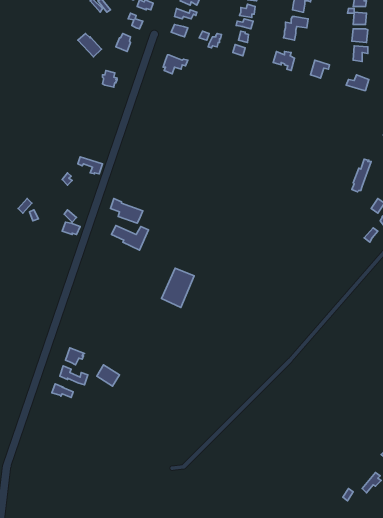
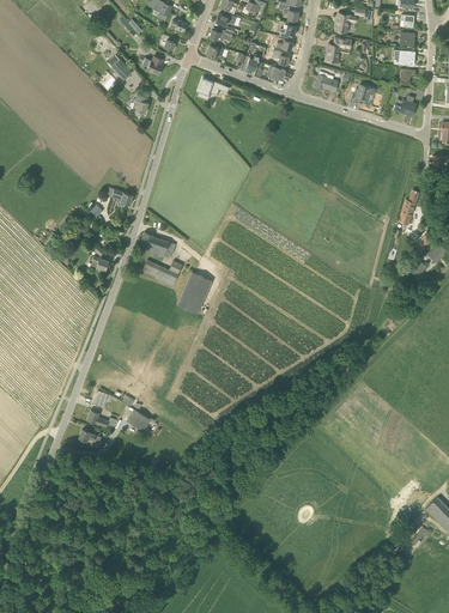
building: [162,268,194,307] -> [177,272,212,314]

